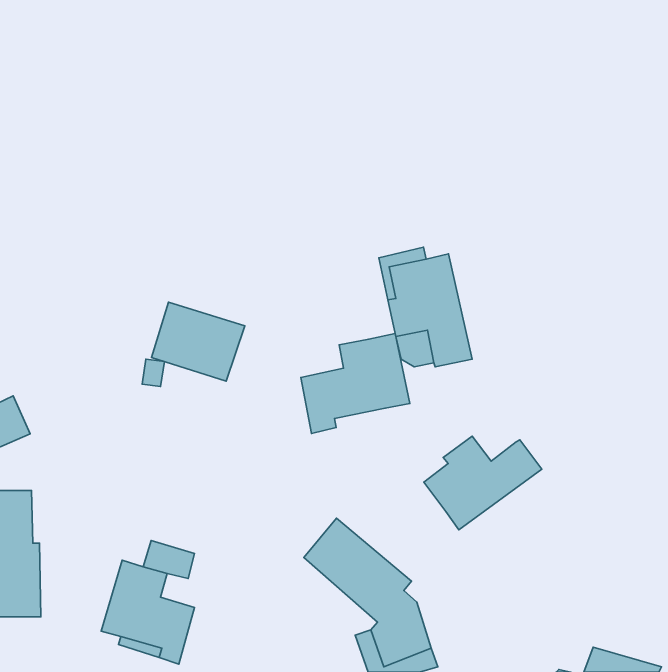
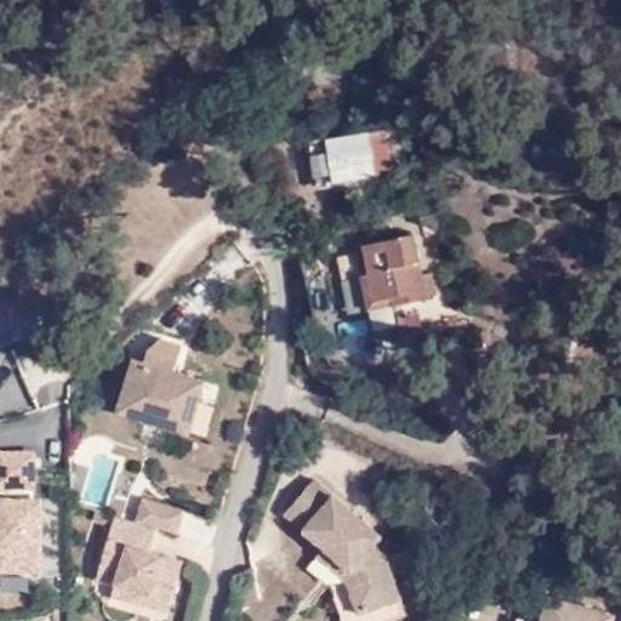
building: none -> [324,131,387,182]
building: [151,302,245,381] -> [115,361,201,434]
building: [301,333,410,433] -> none
building: [424,436,542,530] -> none

